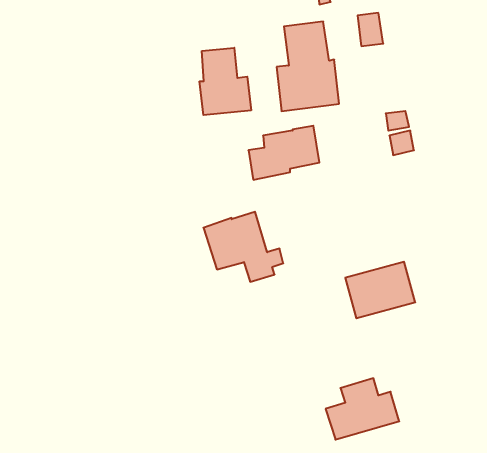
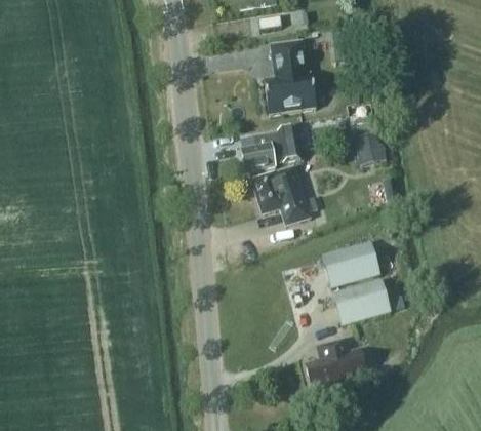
building: [200,48,251,115] -> none
building: [203,212,283,282] -> [250,166,317,225]
building: none -> [332,279,391,324]

